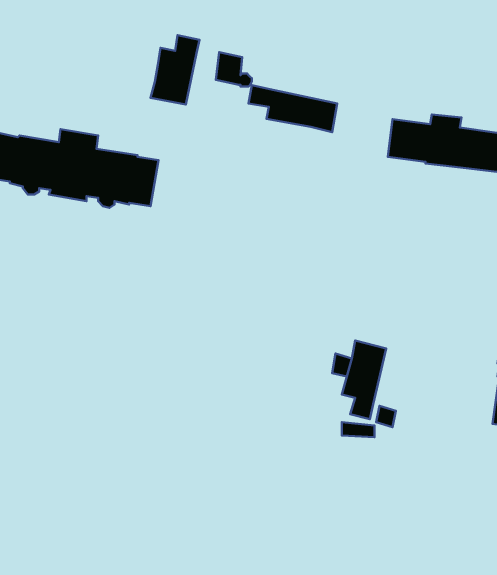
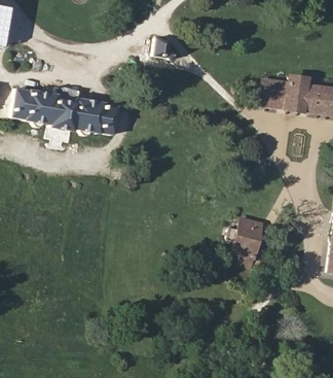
building: [150,35,200,105] -> none
building: [249,85,337,132] -> none

